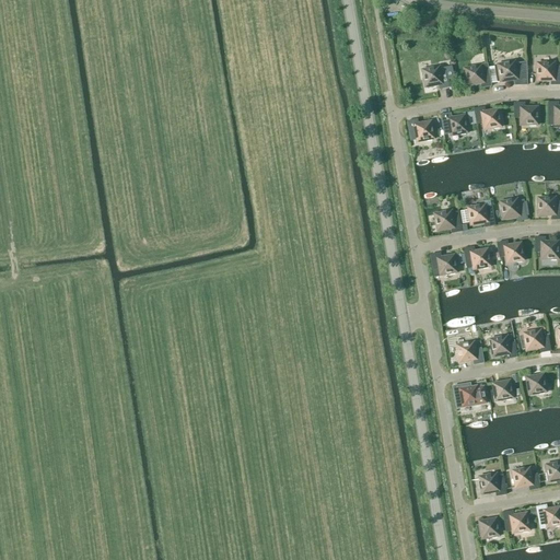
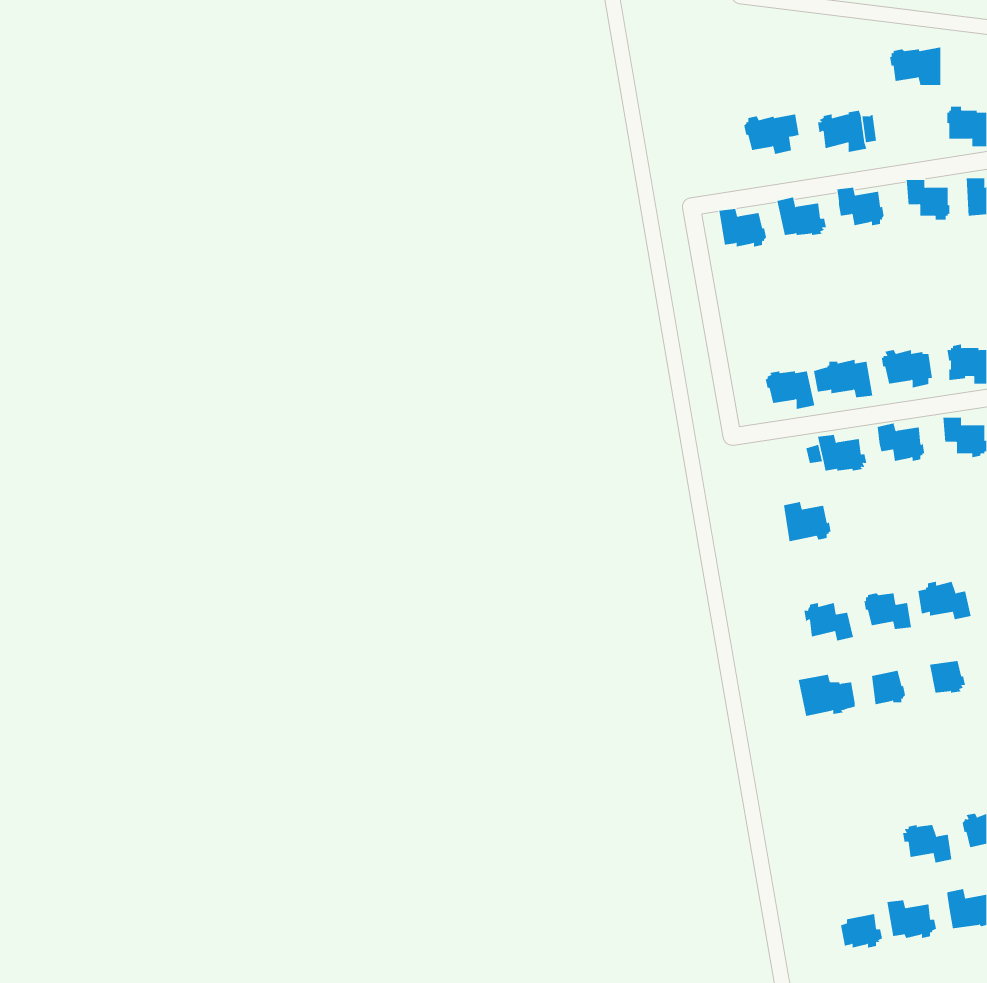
building: [497,60,526,82] -> [889,47,941,85]
building: [430,252,457,275] -> [783,501,831,542]
building: [478,472,505,494] -> none

